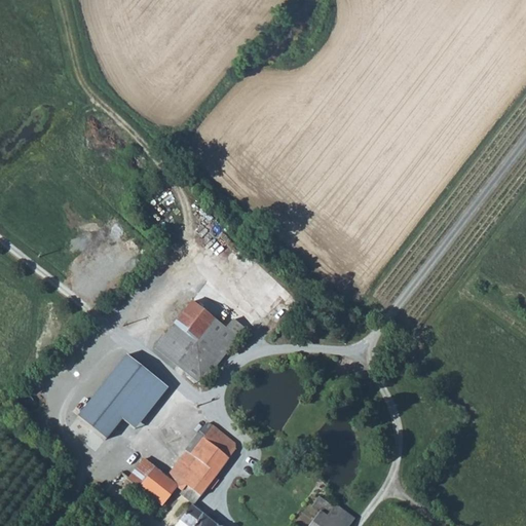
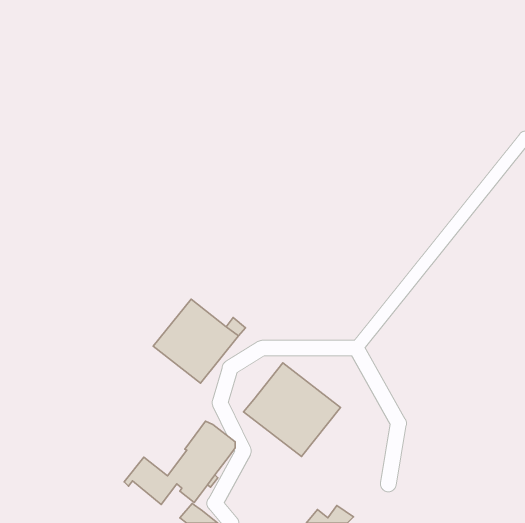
building: [77,355,167,440] -> none
building: none -> [244,363,341,457]

